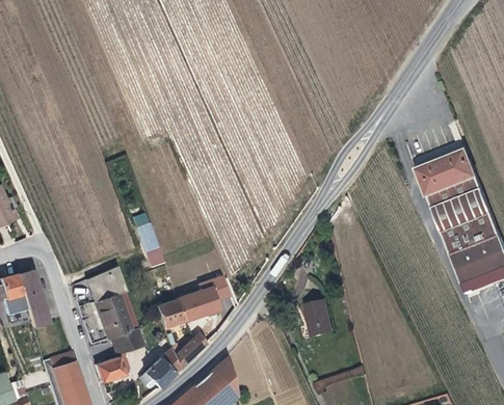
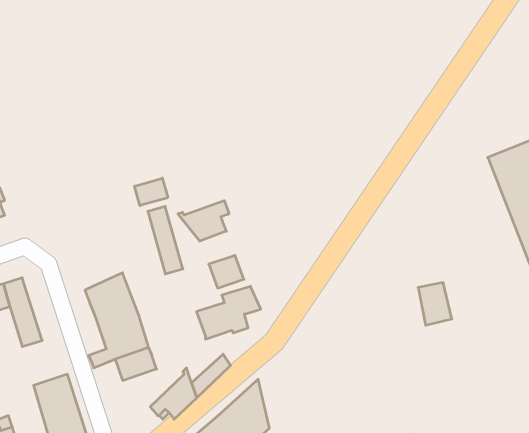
building: none -> [135,178,168,206]
building: none -> [178,201,229,241]
building: [155,300,184,327] -> [209,255,244,288]
building: [304,303,333,339] -> [418,283,452,325]
building: [96,356,129,383] -> none

